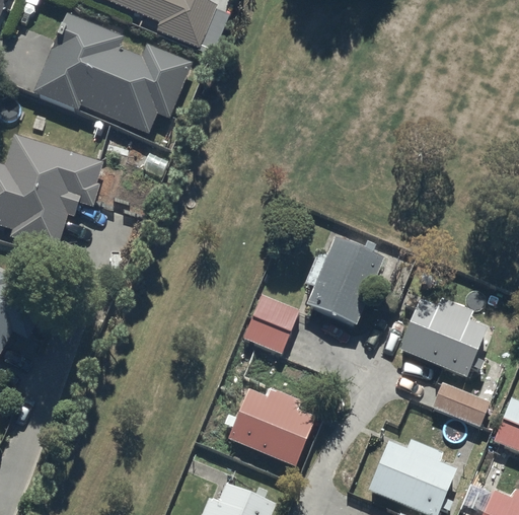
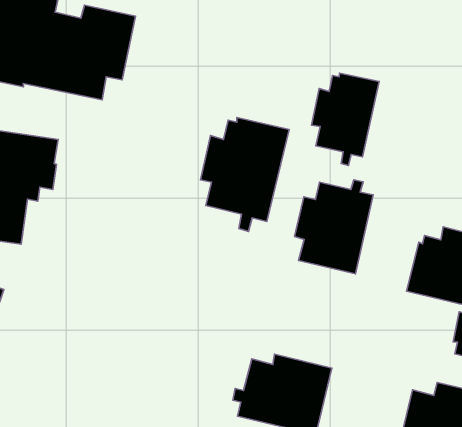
building: none -> [312,73,379,166]
building: none -> [200,117,289,231]
building: [242,291,299,349] -> none

